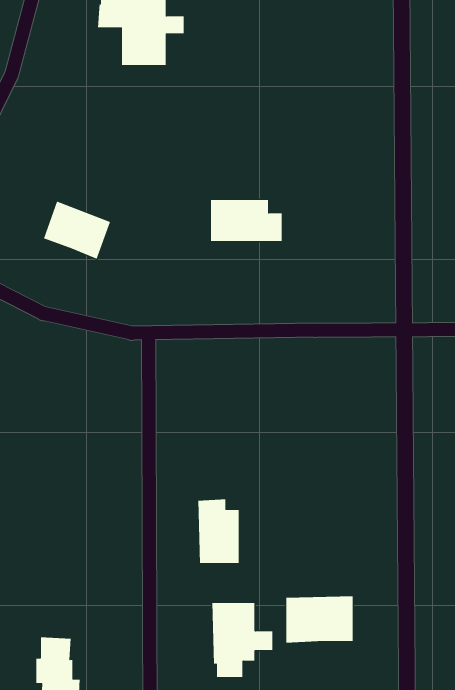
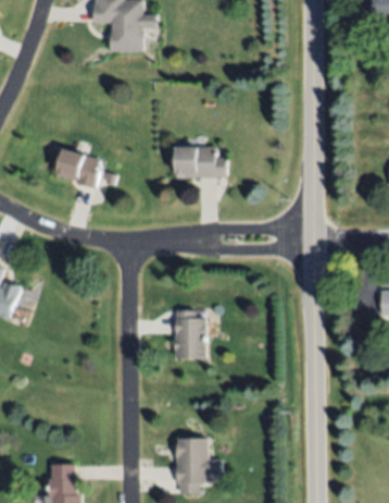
building: [197,499,240,564] -> [174,310,204,357]
building: [286,595,353,643] -> none

